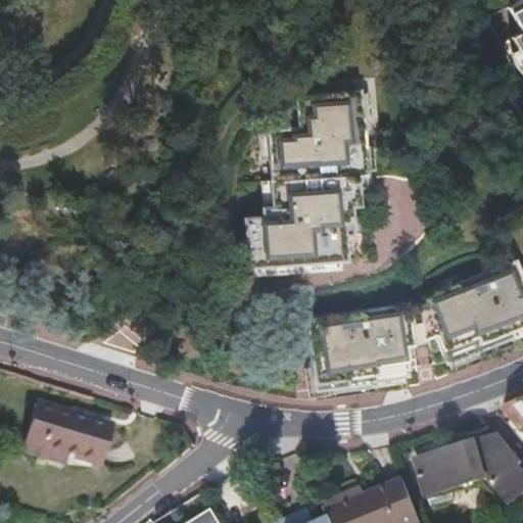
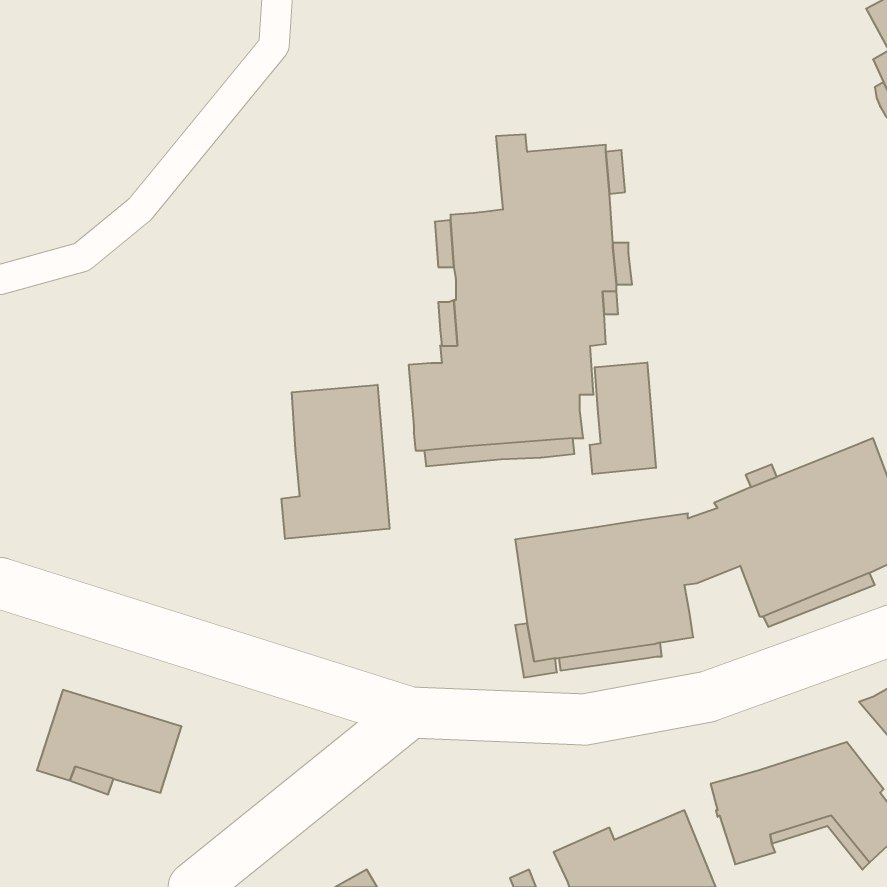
building: none -> [590,362,656,474]
building: none -> [282,385,389,539]

